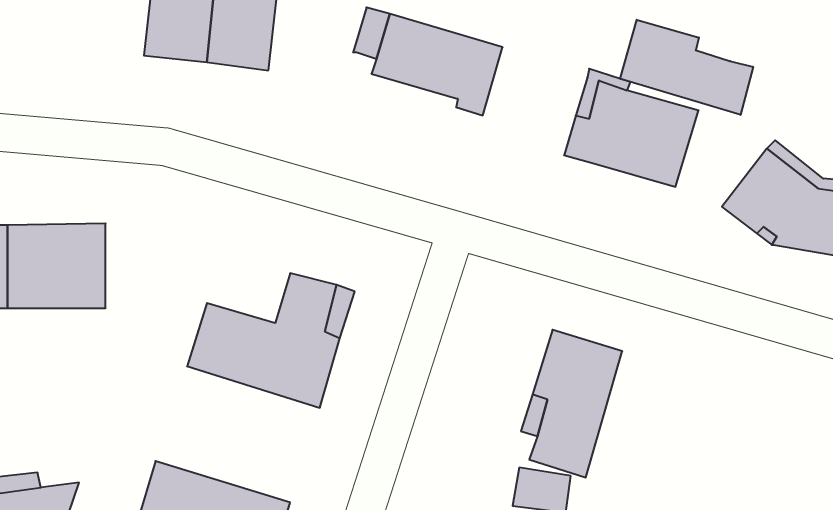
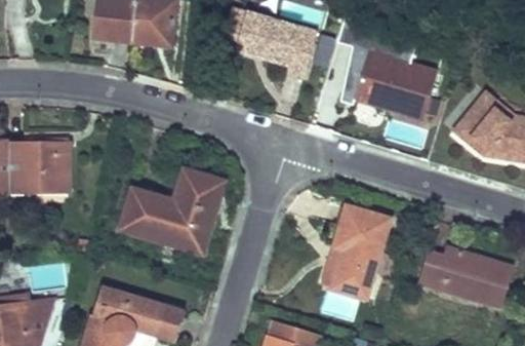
building: [620,20,753,115] -> none
building: none -> [417,245,513,308]

